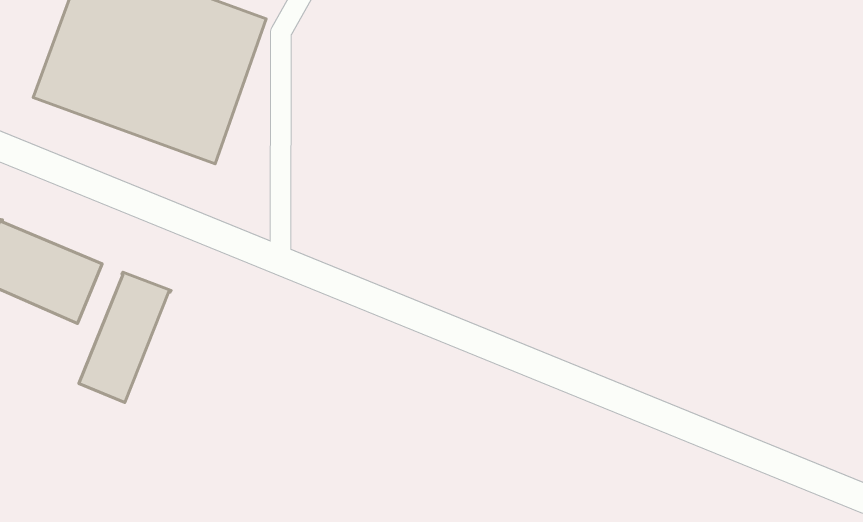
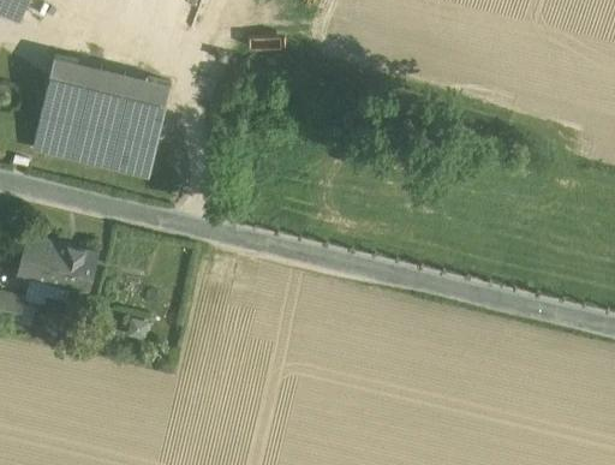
building: [79,272,171,403] -> none

